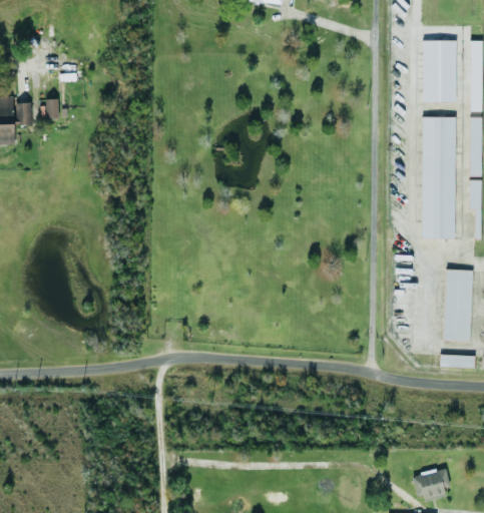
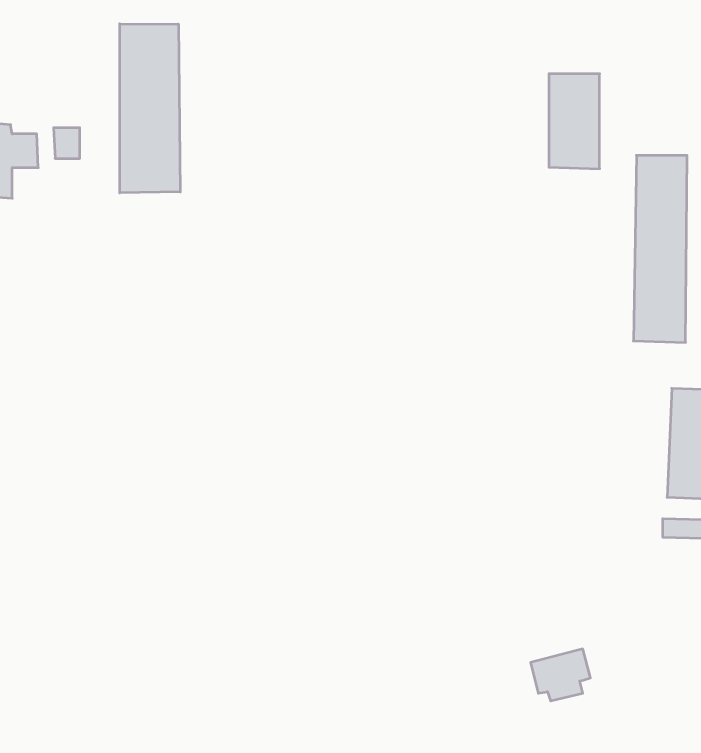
building: none -> [120,24,180,193]
building: [423,40,456,102] -> [549,74,600,169]
building: [412,467,451,501] -> [531,649,590,701]

